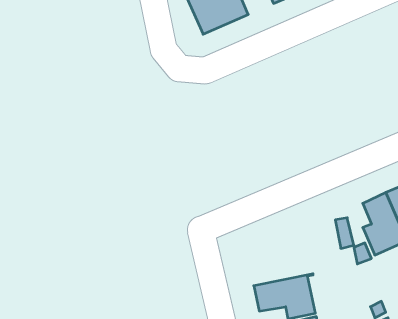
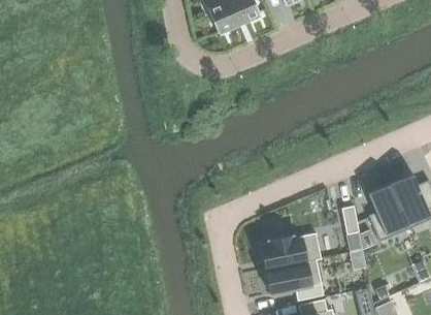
building: none -> [260,232,321,270]

